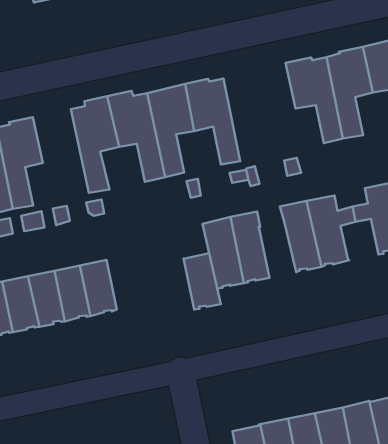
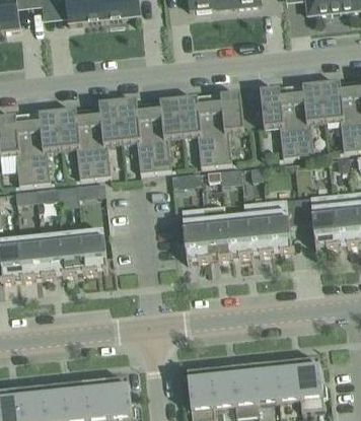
building: none -> [209,93,243,164]
building: none -> [57,110,94,179]
building: [184,253,221,309] -> [224,215,249,258]

